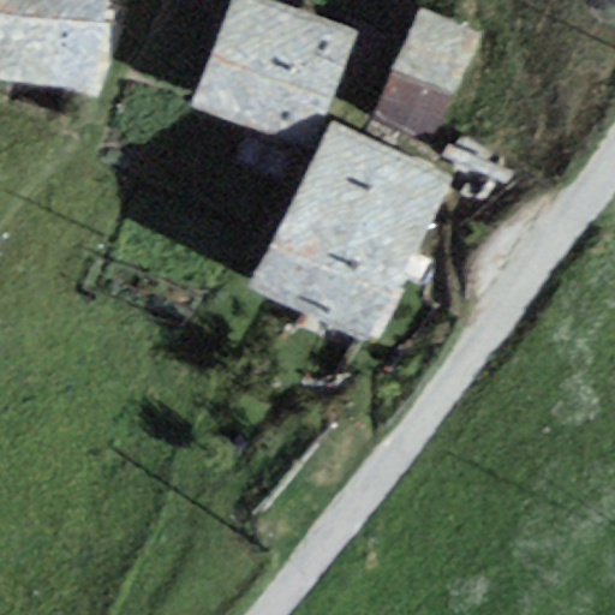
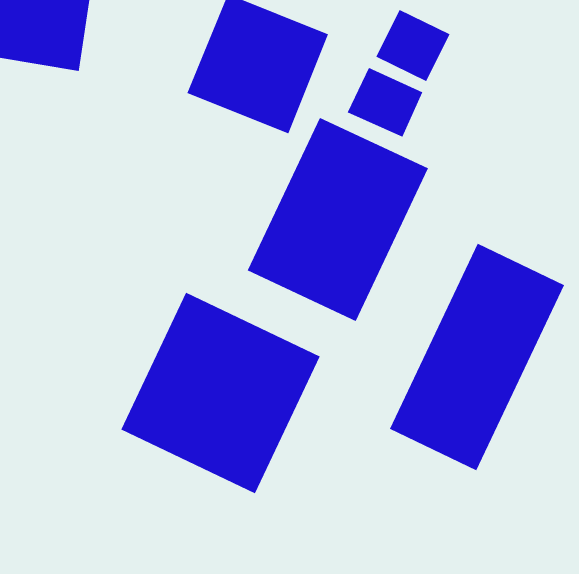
building: none -> [389,243,565,471]
building: none -> [120,292,321,494]

